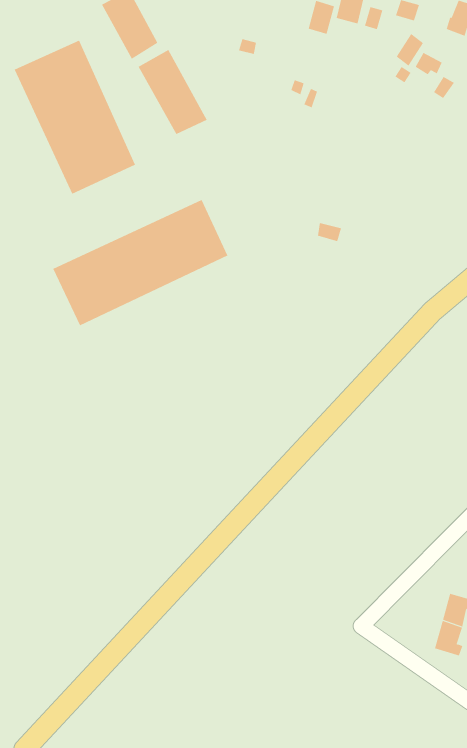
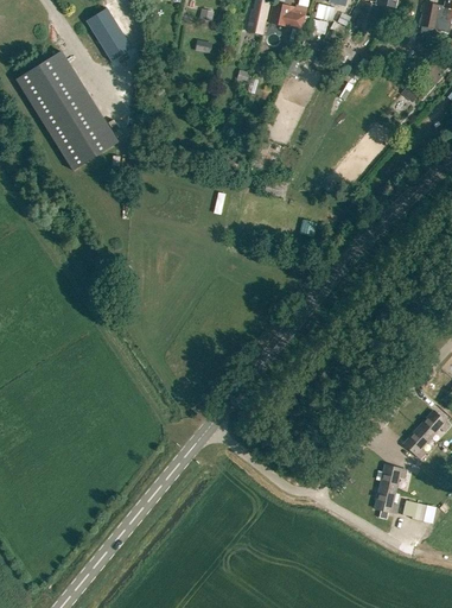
building: [138,49,207,135] -> none
building: [52,199,228,326] -> none

